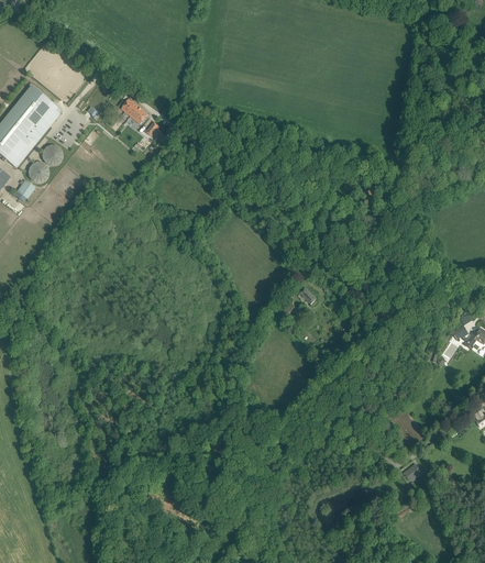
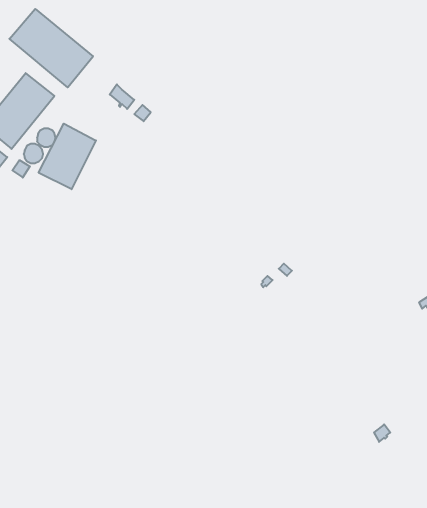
building: none -> [9,9,93,87]
building: none -> [39,124,96,189]

